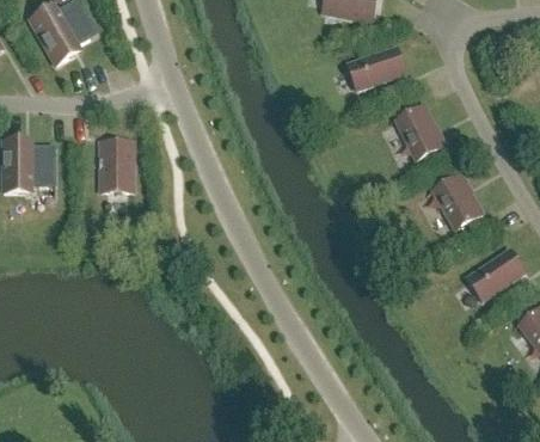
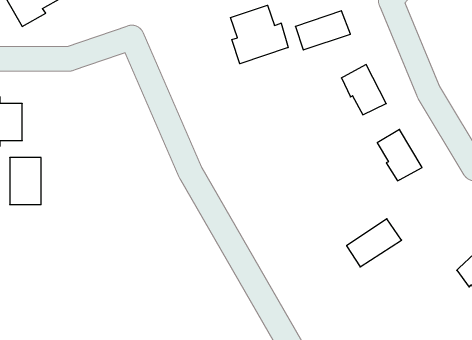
building: none -> [231,5,288,64]
building: [99,140,133,190] -> [10,158,41,205]
building: [466,248,524,300] -> [347,219,402,267]

